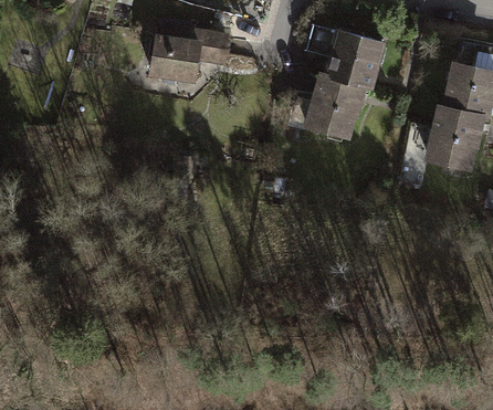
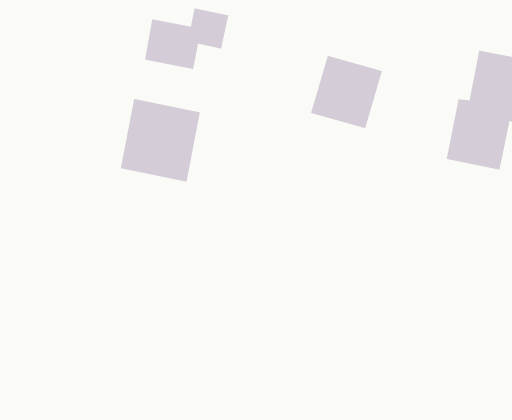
building: [323,24,384,84] -> none
building: none -> [120,98,201,182]

